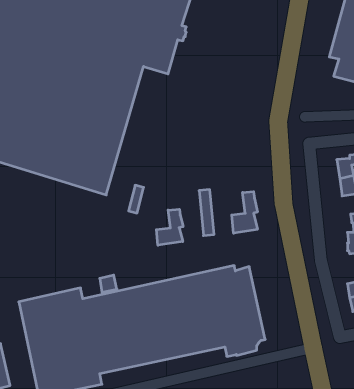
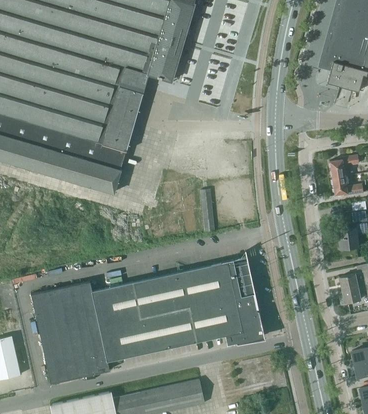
building: [232,192,257,233] -> none
building: [156,209,183,245] -> none

